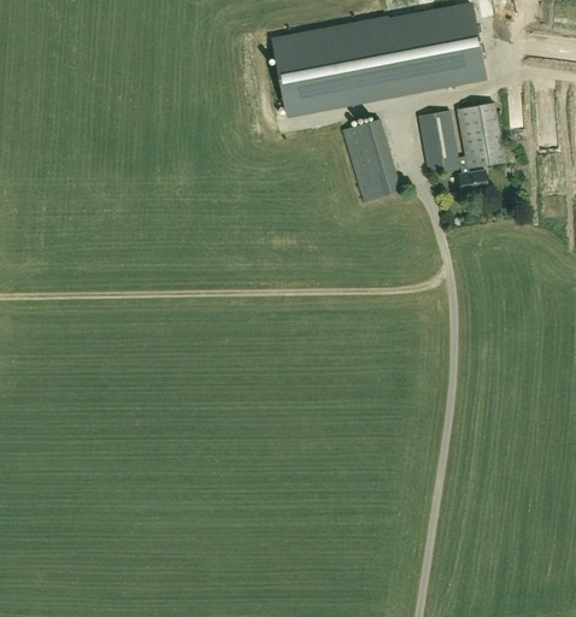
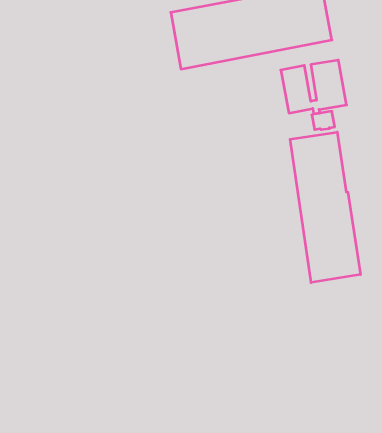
building: [342,117,401,200] -> none
building: none -> [290,132,360,283]

